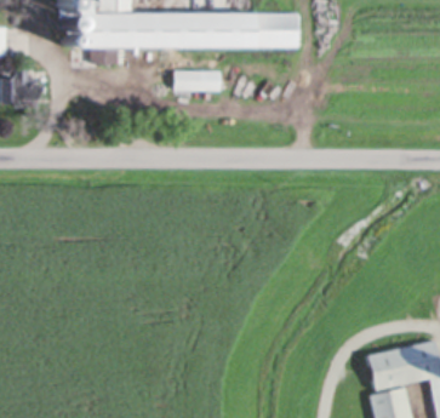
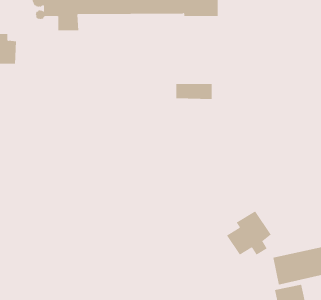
building: [175,73,222,93] -> [176,83,212,100]
building: none -> [226,210,271,256]

